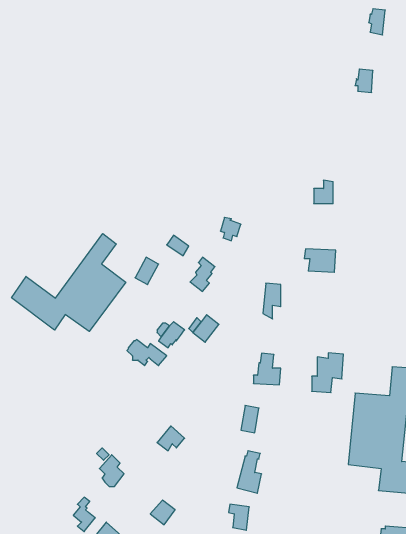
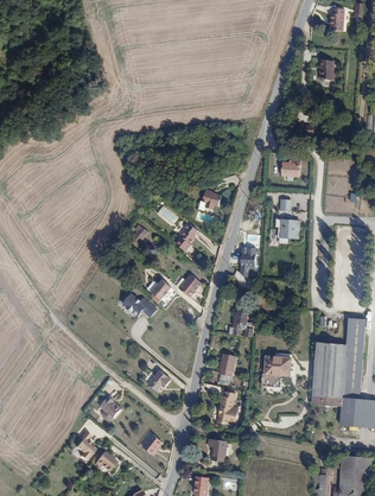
building: [12,234,126,331] -> none
building: [312,353,343,393] -> [261,351,288,386]

